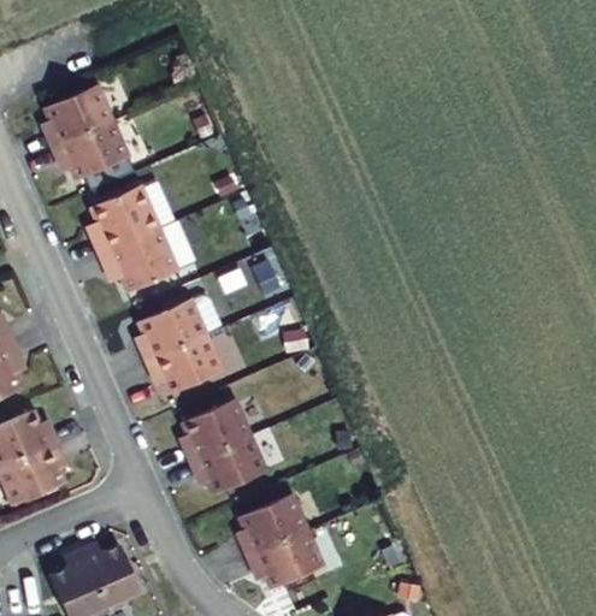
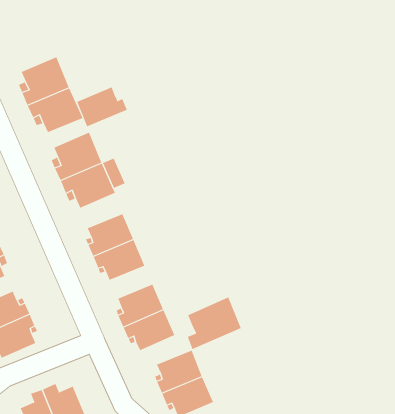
building: none -> [77,86,127,127]
building: none -> [187,297,241,350]

